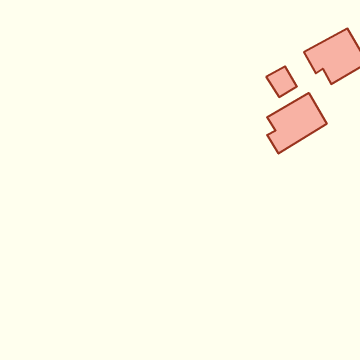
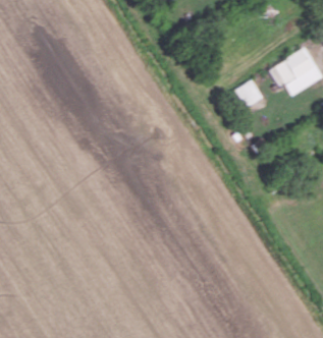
building: [267,93,327,154] -> none

